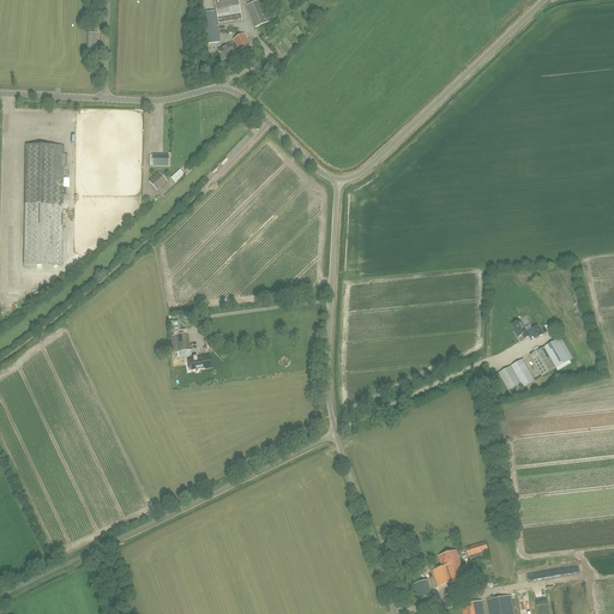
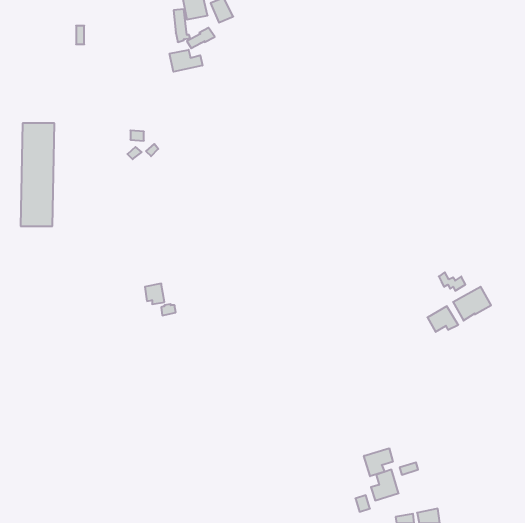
building: none -> [170,50,202,72]
building: none -> [364,448,393,476]

